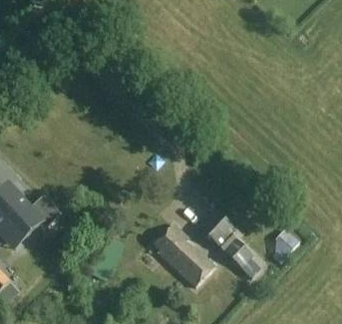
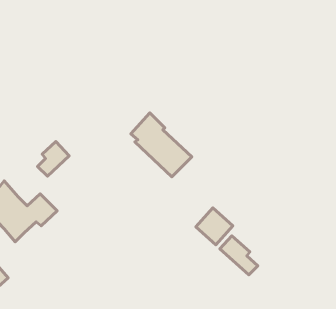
building: none -> [37,142,69,176]
building: [153,222,215,286] -> [131,113,192,177]

